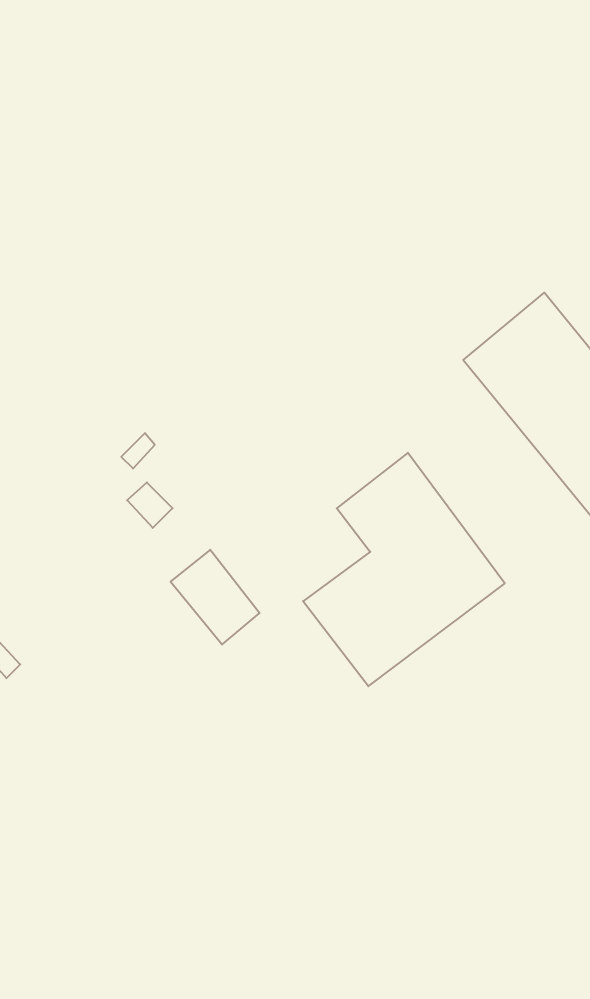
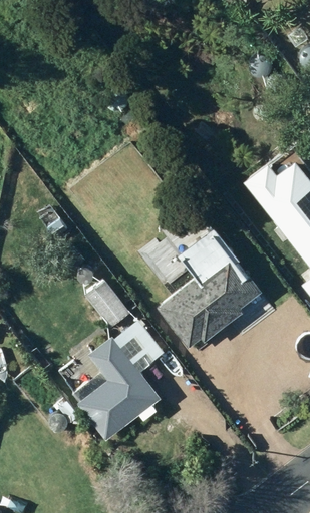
building: none -> [77,336,166,441]

